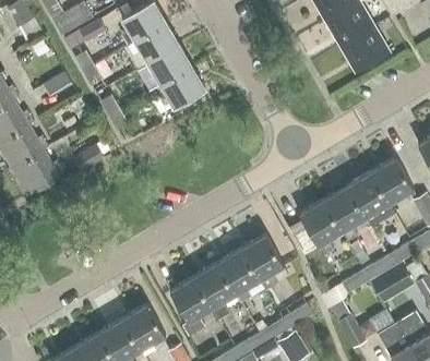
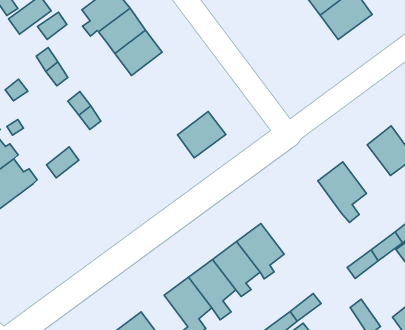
building: [160,67,205,108] -> [177,112,226,158]
building: [347,172,390,229] -> none
building: [299,201,341,256] -> none

